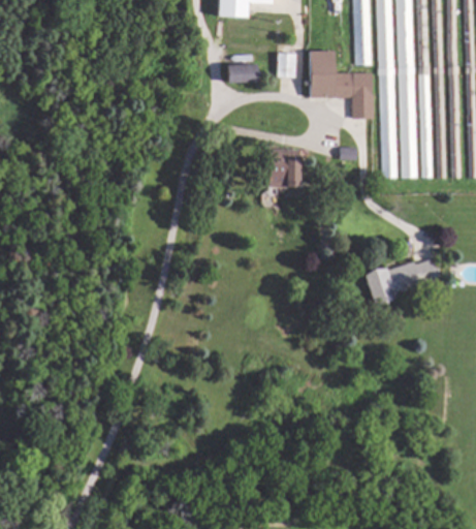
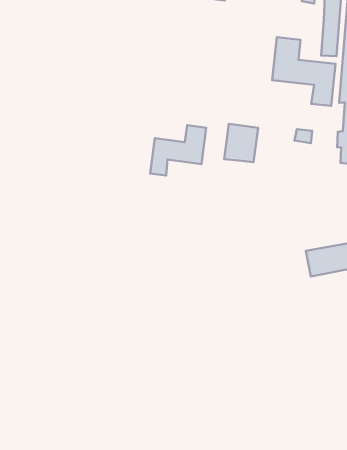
building: [277,53,296,77] -> none
building: [224,64,255,83] -> none
building: none -> [150,125,206,176]

